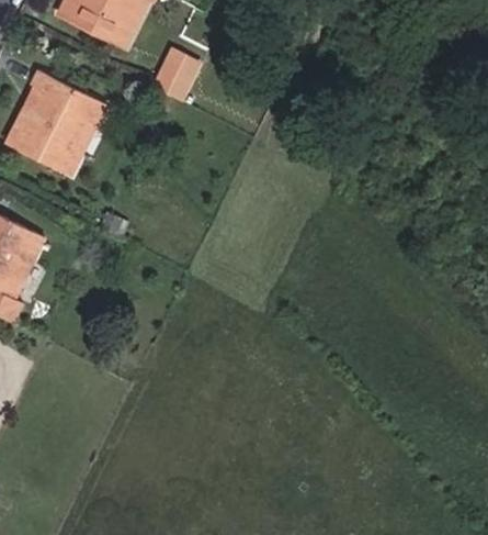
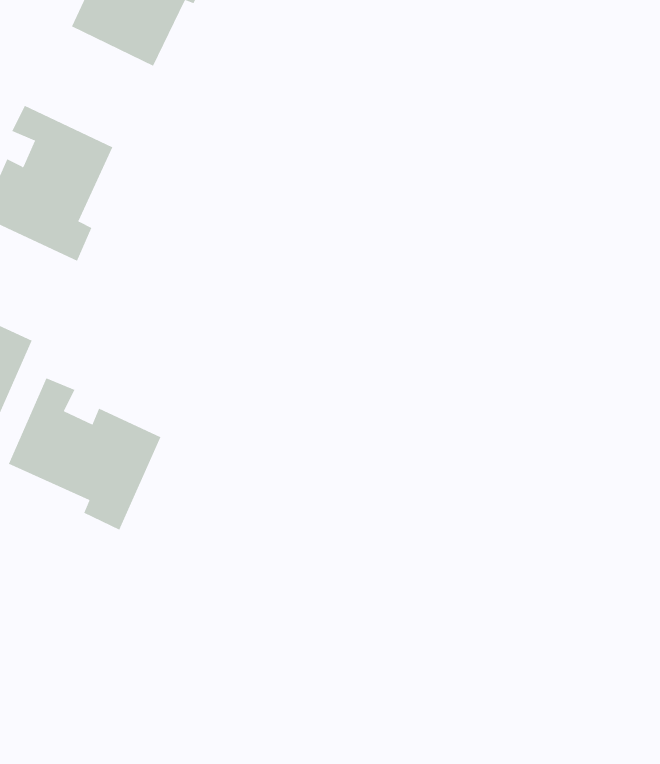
building: [148,44,202,101] -> none
building: none -> [8,378,161,531]

